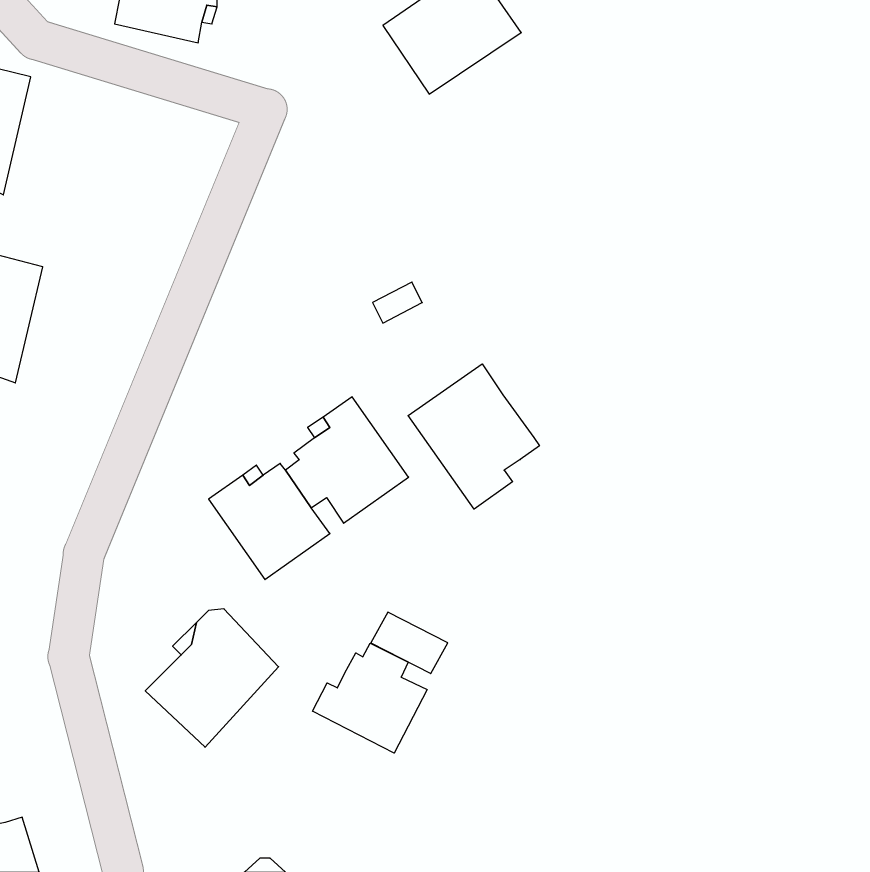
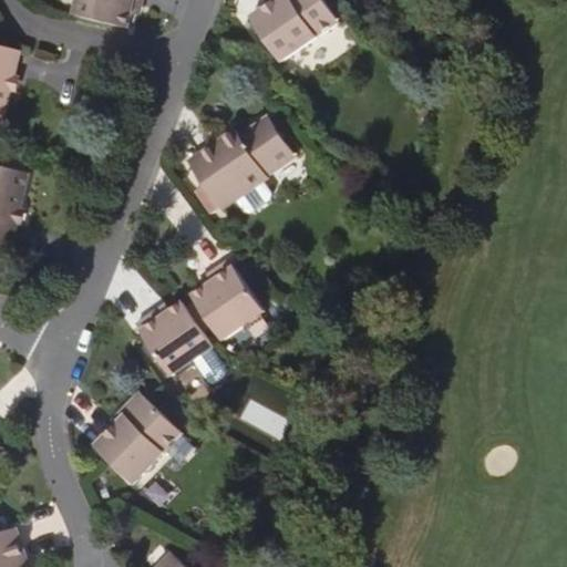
building: none -> [187,115,290,214]
building: [408,364,539,509] -> none
building: [313,643,427,753] -> none

